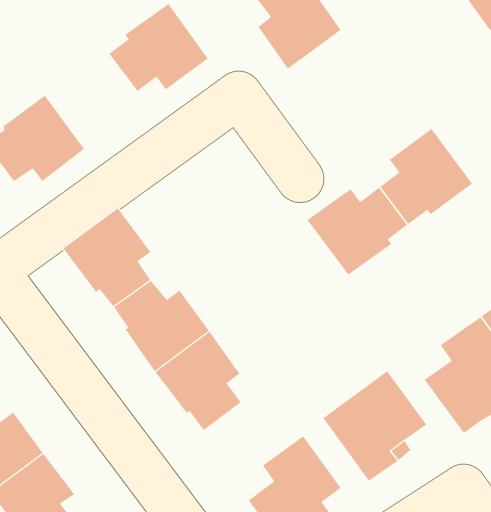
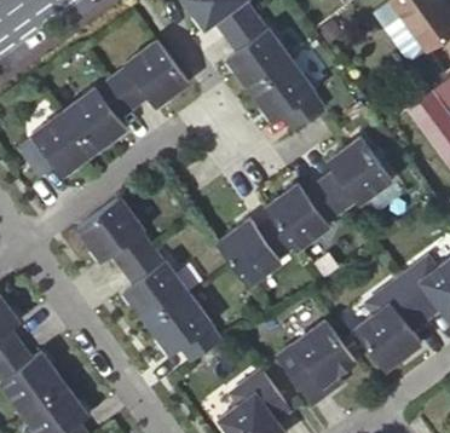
building: none -> [250,59,324,129]
building: none -> [65,77,135,150]
building: none -> [218,214,294,282]

